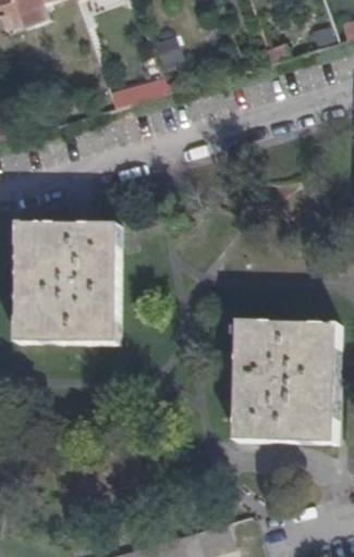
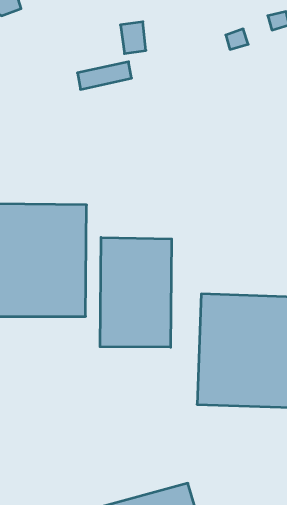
building: none -> [100,237,172,347]

